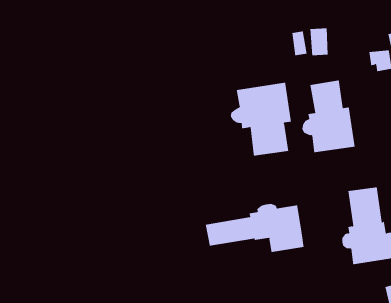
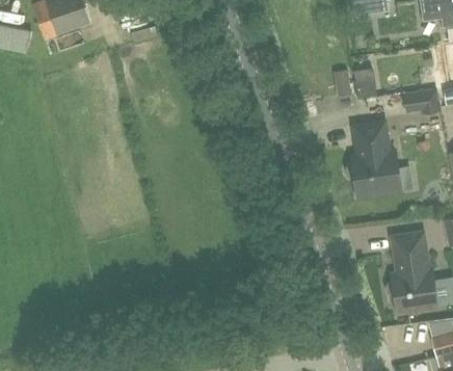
building: [230,82,291,156] -> none
building: [205,203,304,253] -> none

